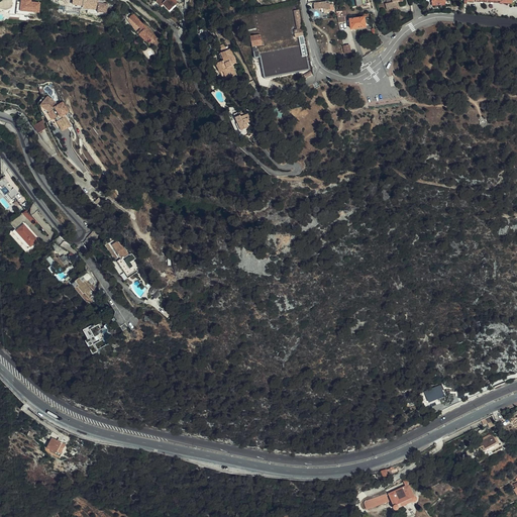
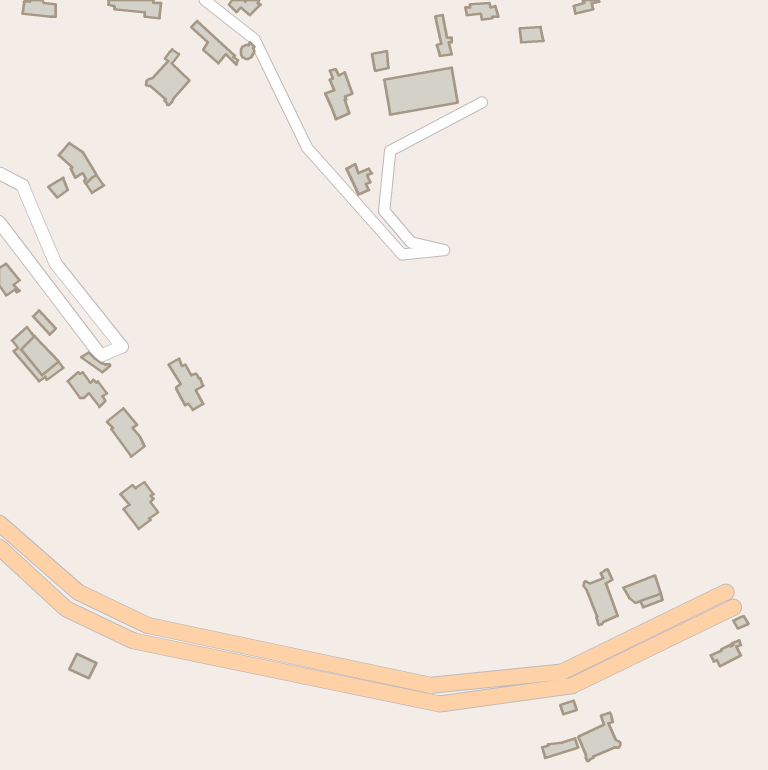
building: none -> [146,49,189,105]
building: none -> [584,569,618,625]

